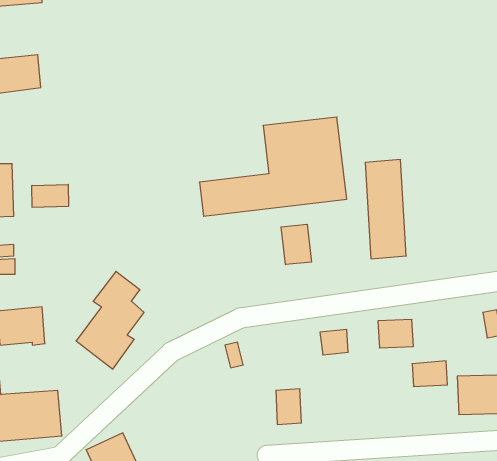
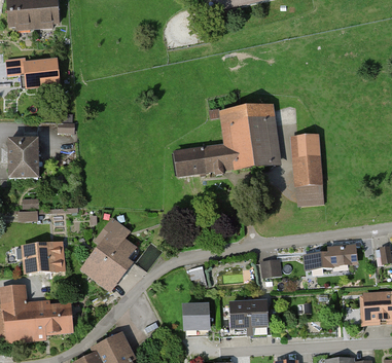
building: [32,184,68,207] -> none
building: [281,224,311,265] -> none
building: [412,361,447,386] -> [329,245,355,263]
building: none -> [246,301,265,327]
building: none -> [181,305,211,335]

